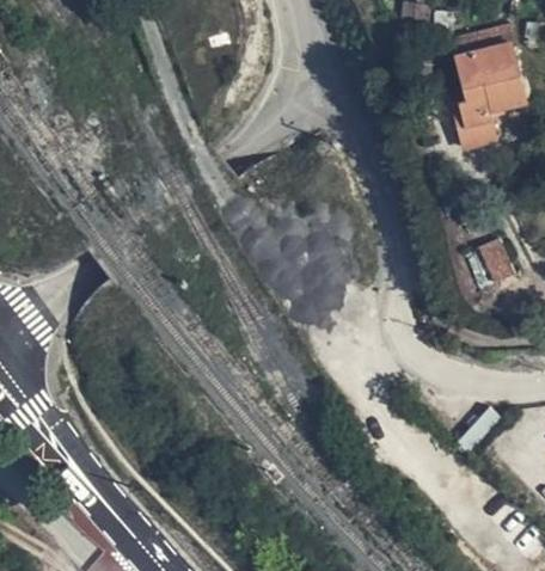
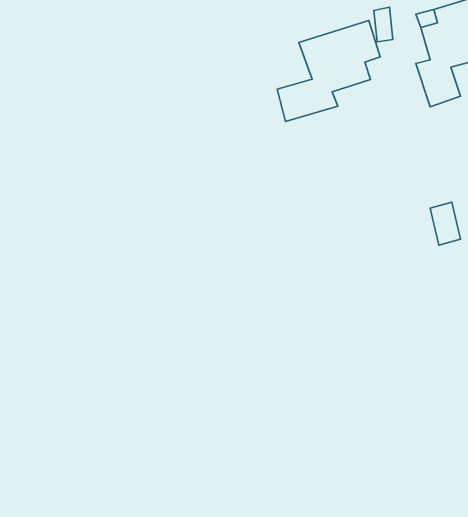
building: none -> [277,21,380,121]

